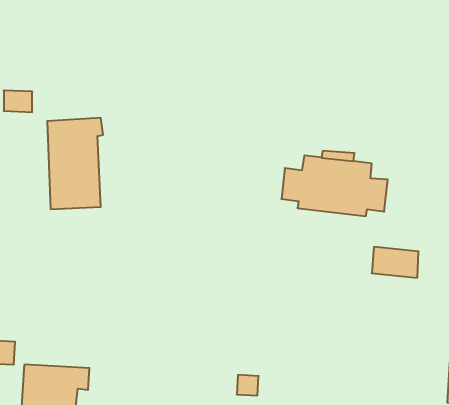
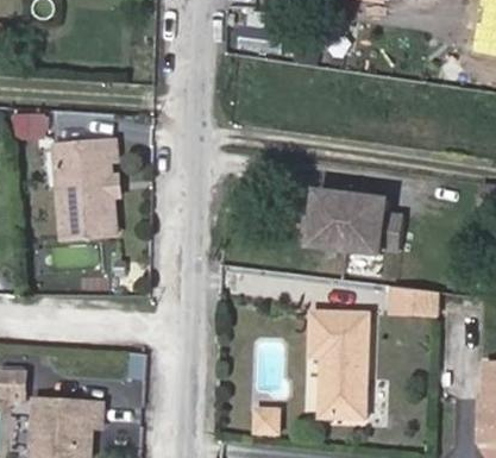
building: none -> [310,308,371,416]

